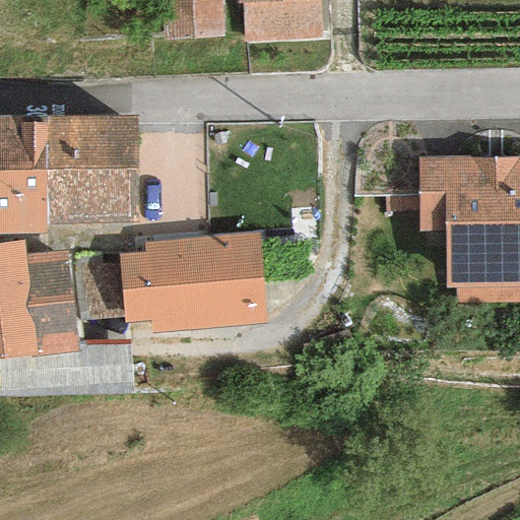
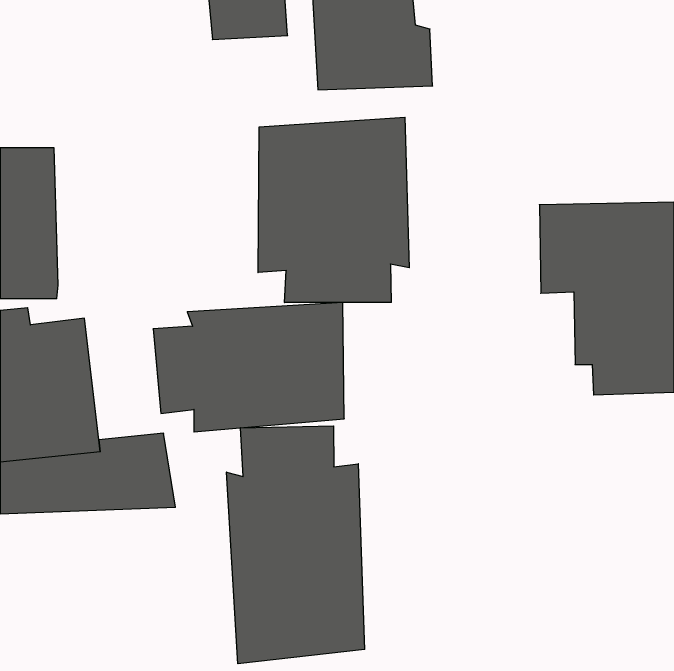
building: none -> [258,117,409,303]
building: [42,111,137,219] -> none
building: none -> [227,426,365,664]

